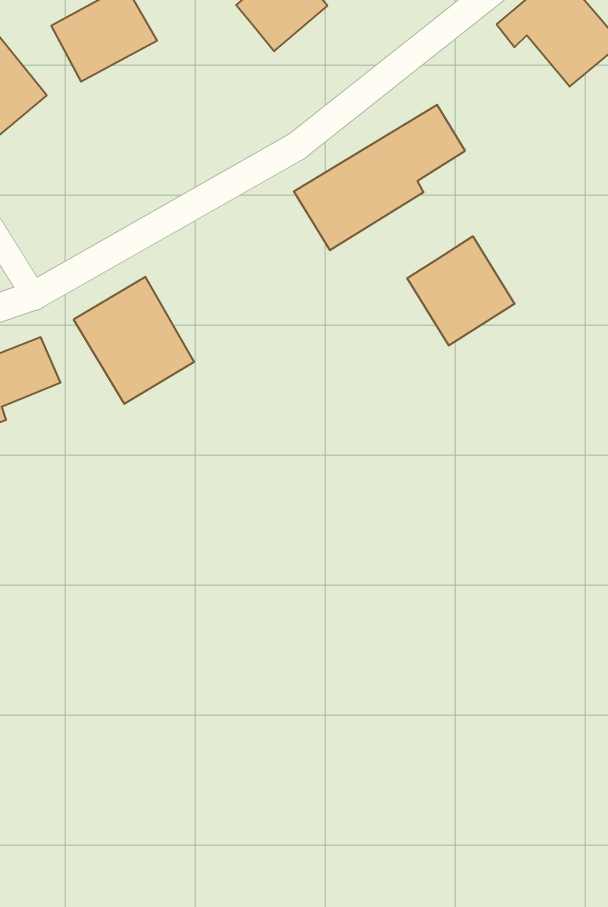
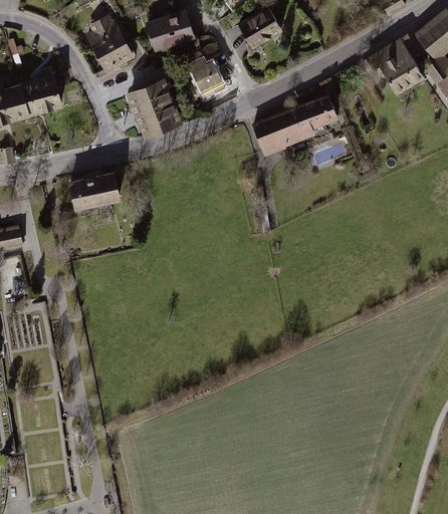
building: none -> [188,57,222,90]
building: [407,236,515,346] -> none
building: [74,277,194,404] -> [126,76,182,138]

